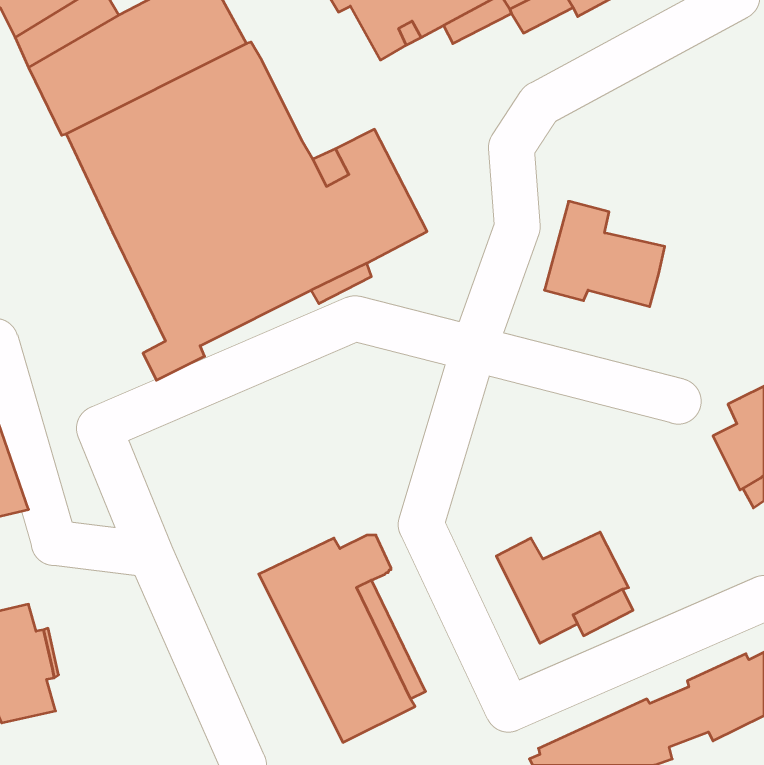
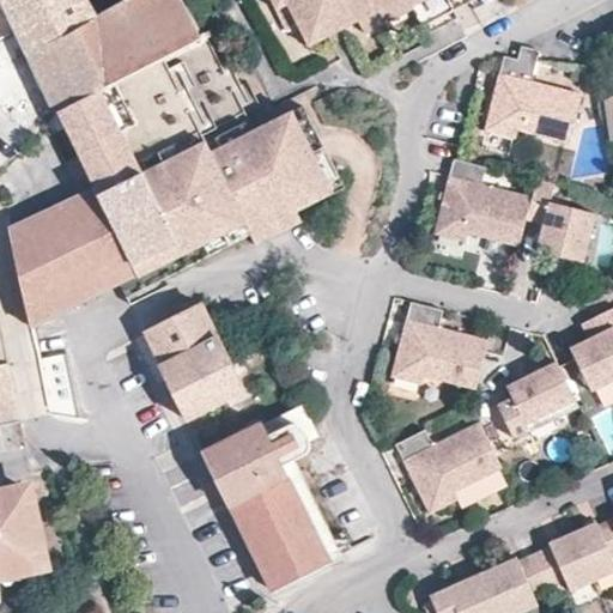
building: none -> [485,48,581,144]
building: none -> [524,181,594,260]
building: none -> [6,186,132,323]
building: none -> [389,301,487,389]
building: none -> [142,303,241,417]
building: none -> [497,360,571,437]

